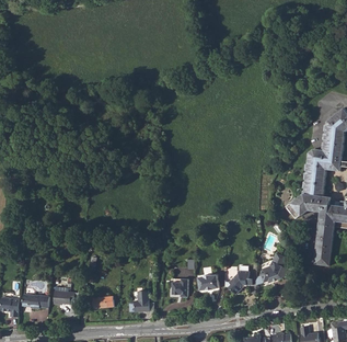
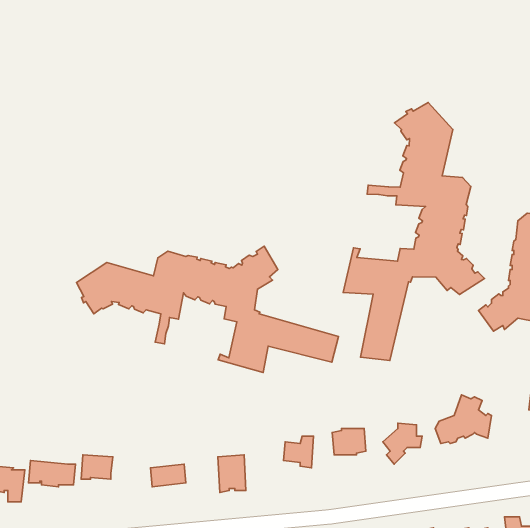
building: none -> [343,103,485,360]
building: none -> [77,246,338,373]

